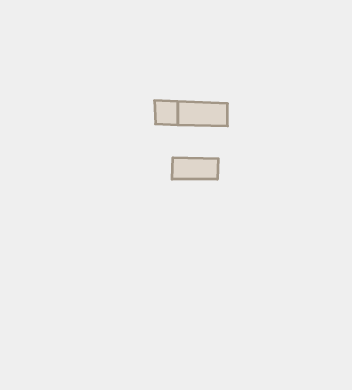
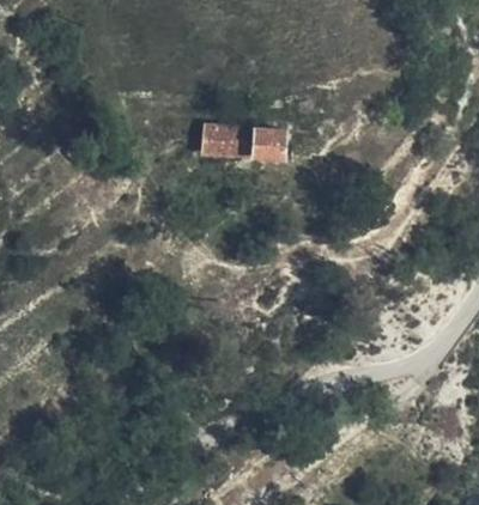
building: [172,158,218,179] -> none

